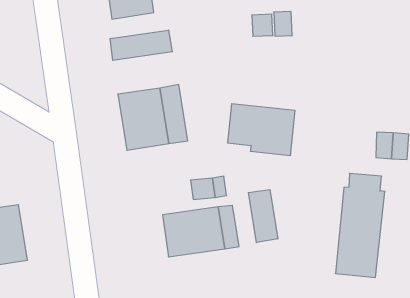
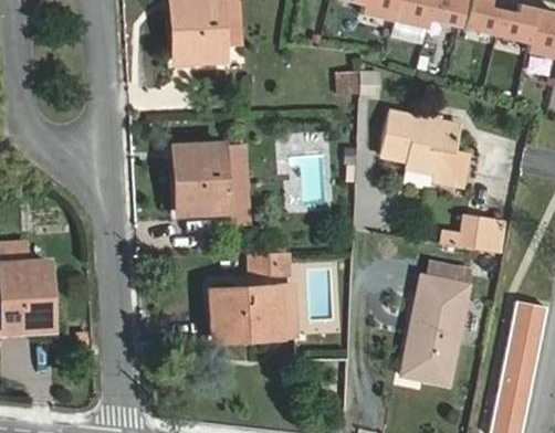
building: [110,30,172,60] -> none
building: [227,104,295,155] -> [380,110,461,176]
building: [248,190,278,243] -> none

